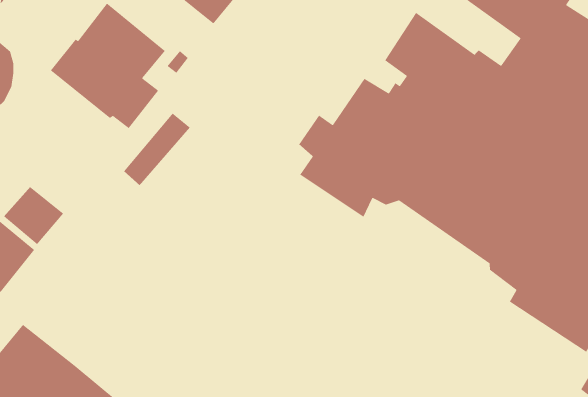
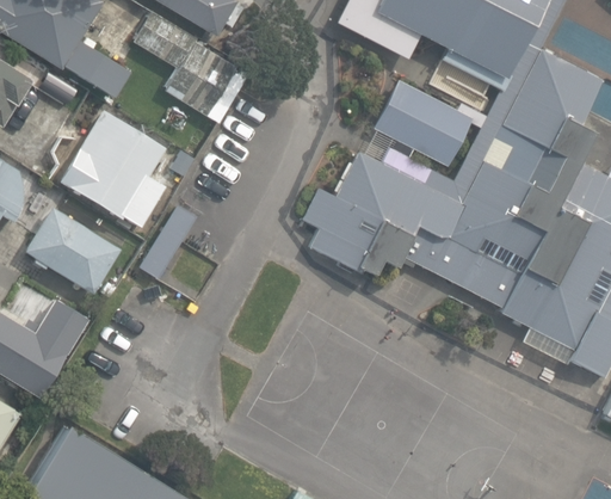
building: none -> [25,204,122,294]

